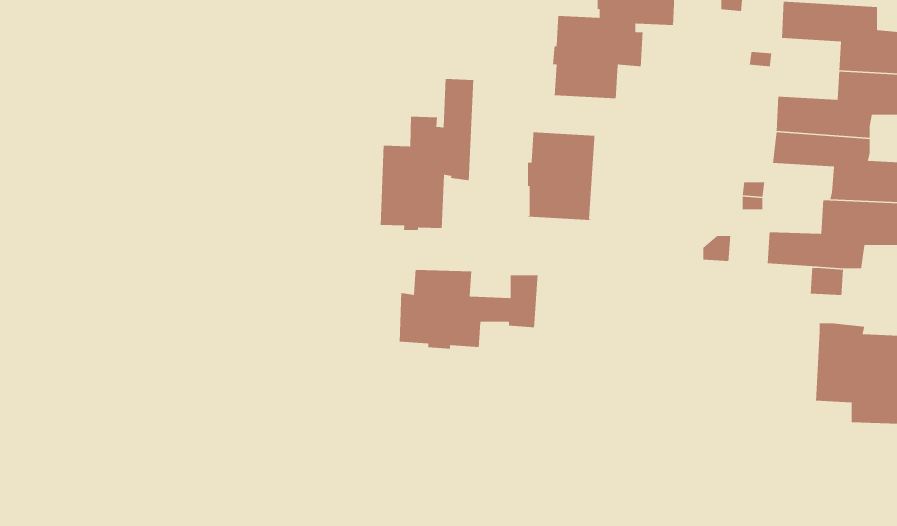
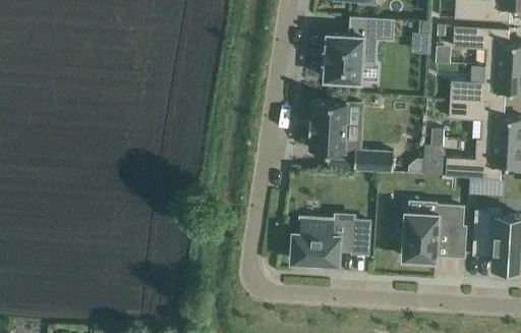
building: [380,78,474,231] -> none
building: none -> [353,150,393,173]
building: [399,269,538,349] -> [291,219,370,265]
building: none -> [402,209,466,267]

